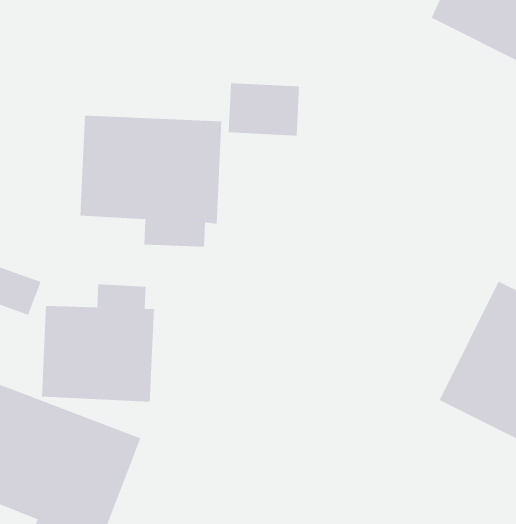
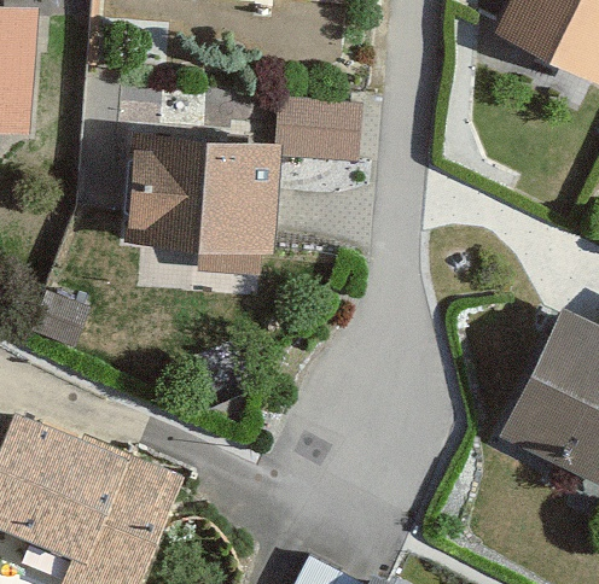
building: [41,284,155,403] -> none

